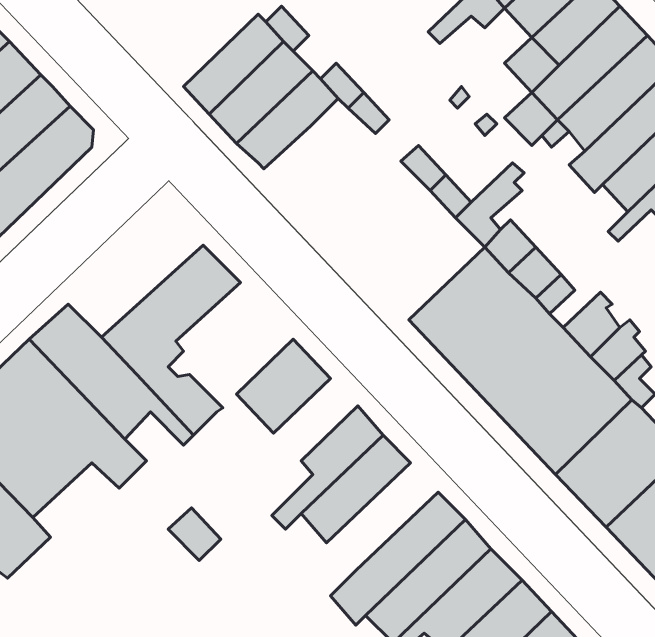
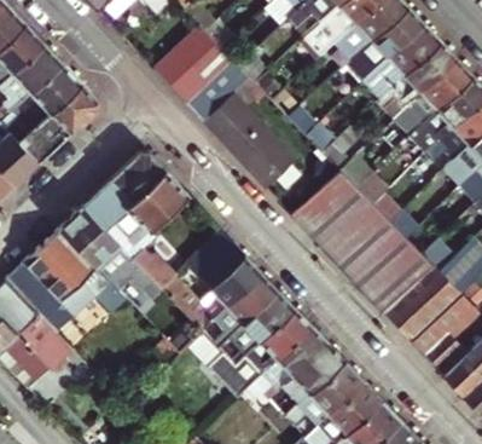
building: none -> [203,96,296,190]
building: none -> [82,152,165,226]
building: none -> [159,252,261,328]
building: none -> [204,304,310,396]

